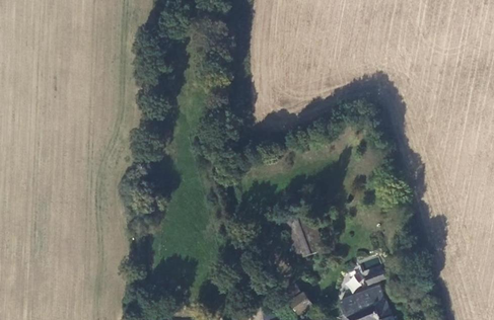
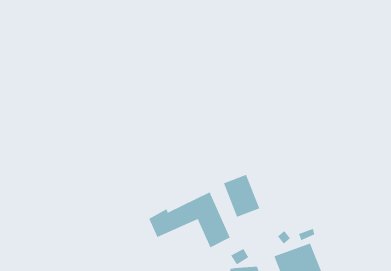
building: none -> [149,191,231,248]

